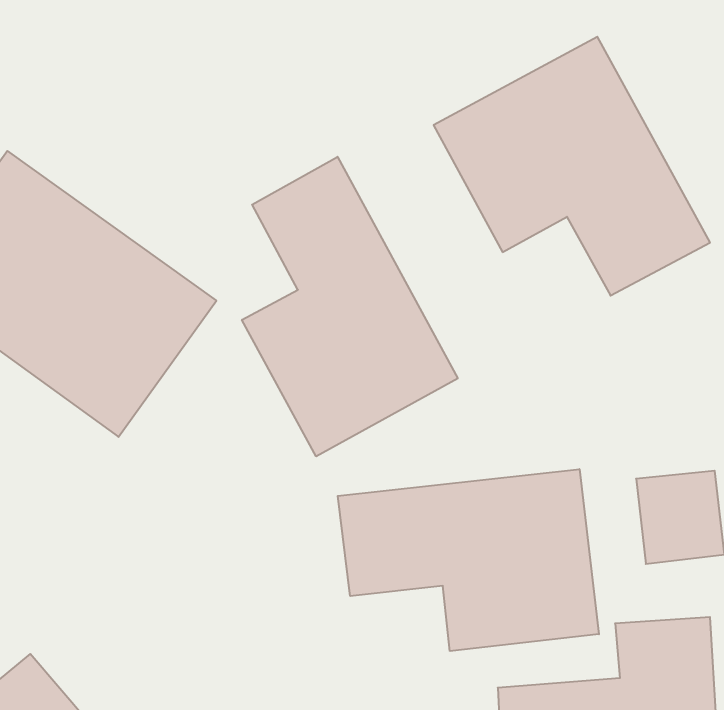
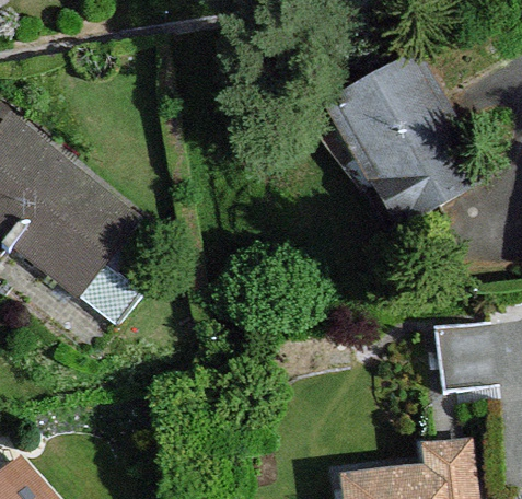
building: [242,157,458,456] -> none
building: [338,469,599,651] -> none

